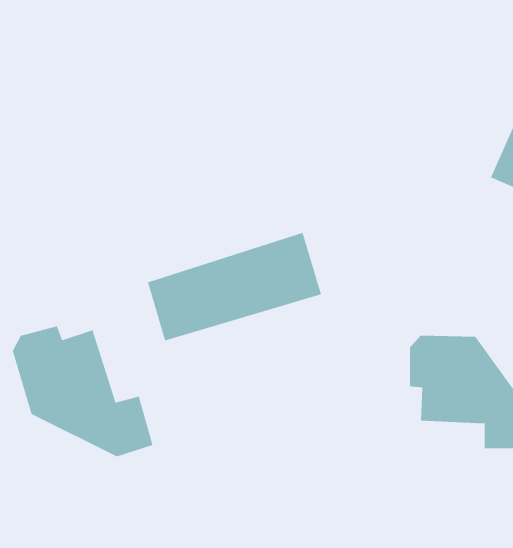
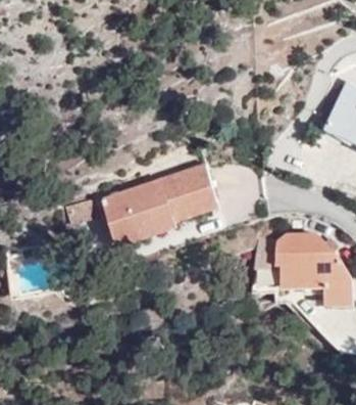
building: [12,326,153,457] -> none

